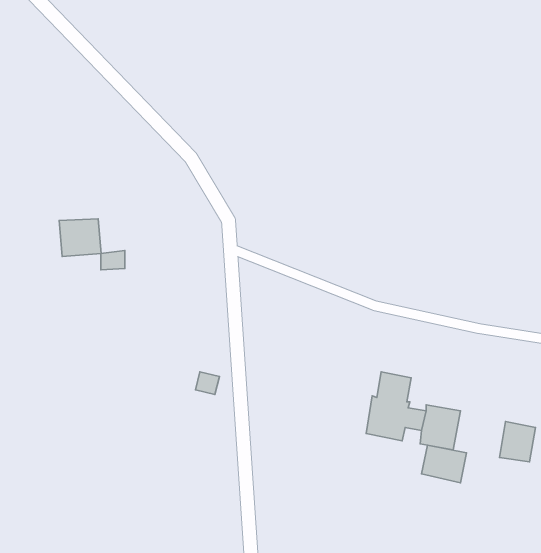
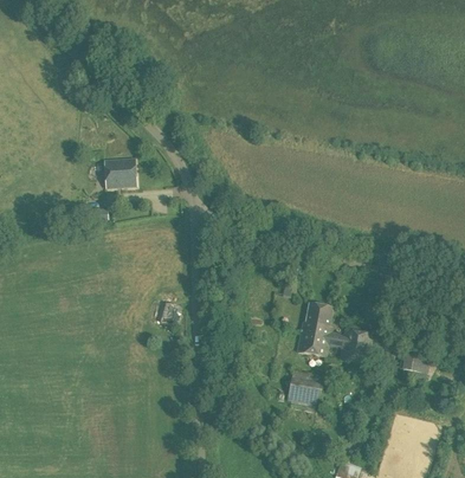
building: [59,219,101,256] -> [102,157,135,187]
building: [422,445,467,483] -> [285,376,321,406]

